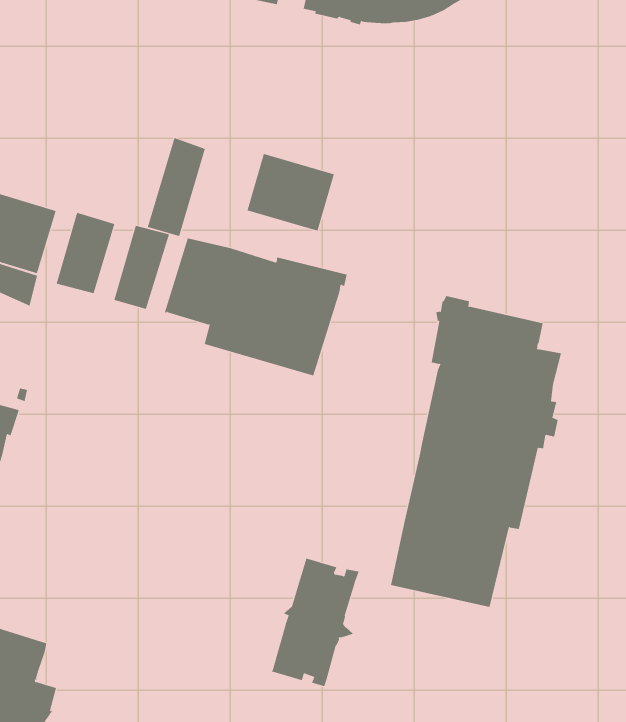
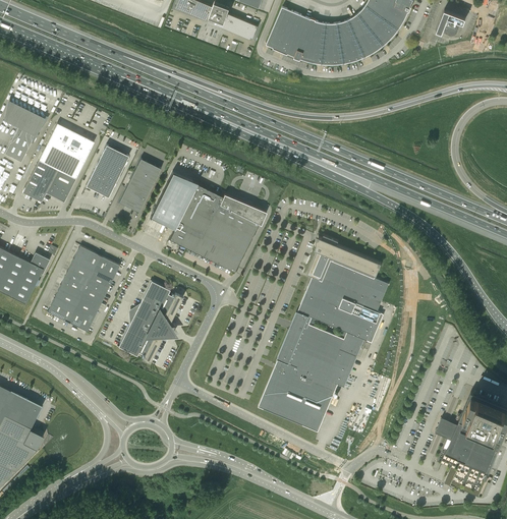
building: [147,137,205,237] -> none
building: [247,153,335,232] -> none
building: none -> [47,245,120,332]
building: [271,558,360,687] -> [118,281,183,362]

